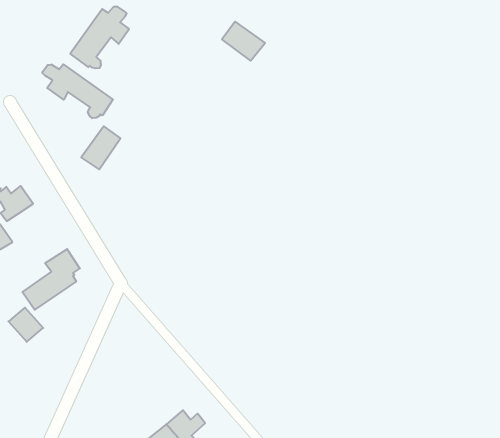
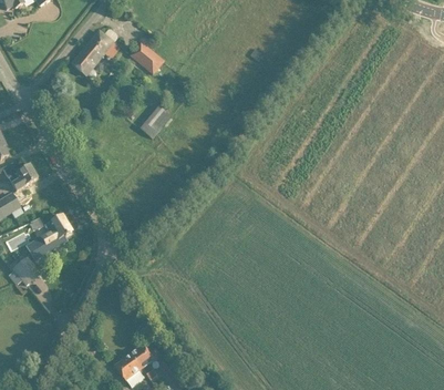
building: [222,22,265,61] -> [131,42,164,73]
building: [42,64,113,118] -> none
building: [81,126,120,169] -> [141,104,172,137]

